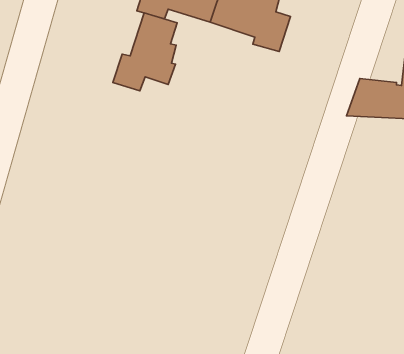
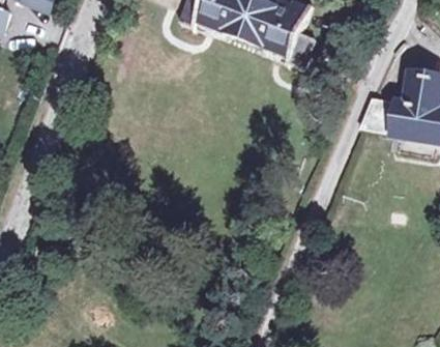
building: [113,13,177,91] -> none

